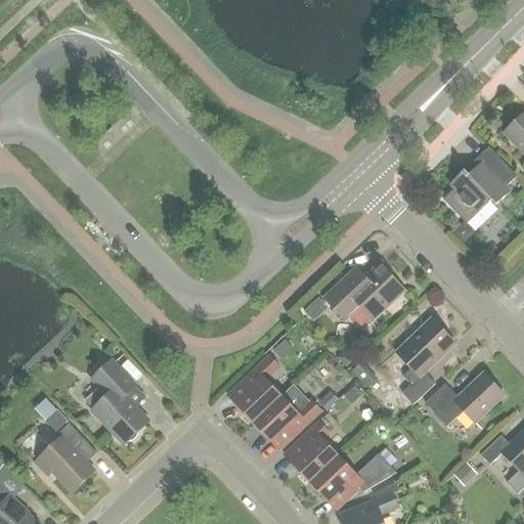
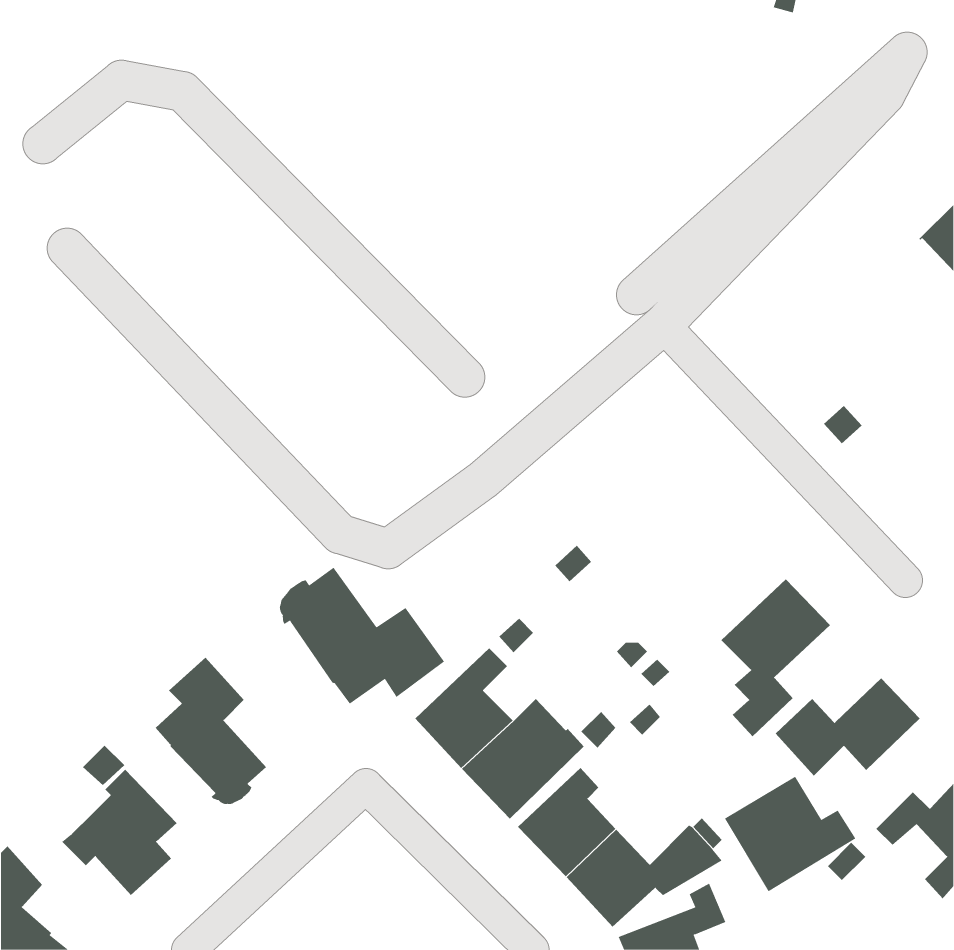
building: [442,150,517,223] -> none
building: [323,264,407,326] -> none
building: none -> [279,567,445,705]
building: none -> [724,776,856,892]

